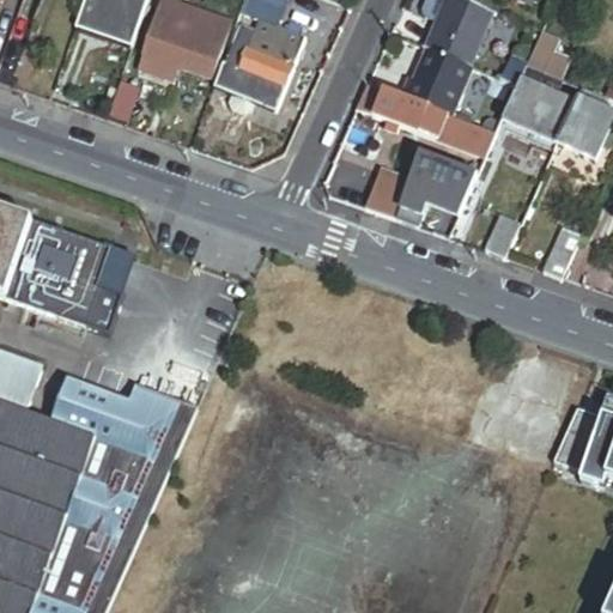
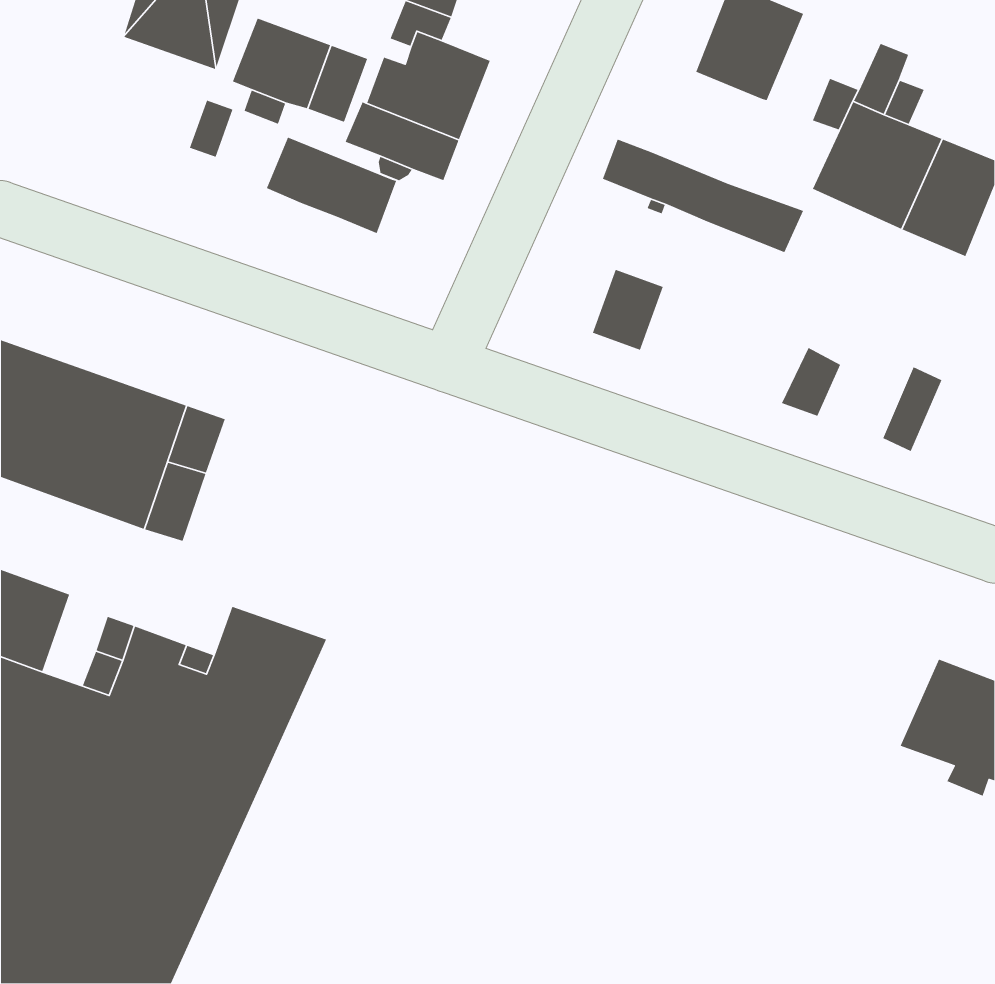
building: [401,44,468,113] -> none
building: none -> [266,137,397,234]
building: [394,150,475,224] -> none

